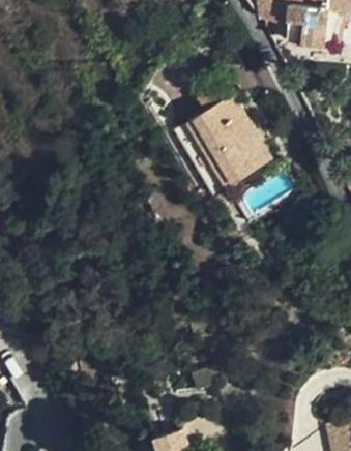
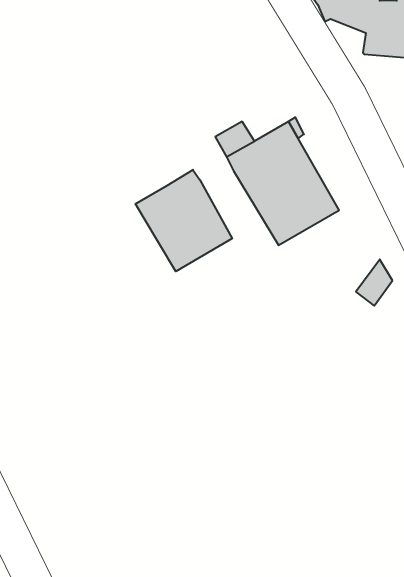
building: none -> [136,170,232,271]

